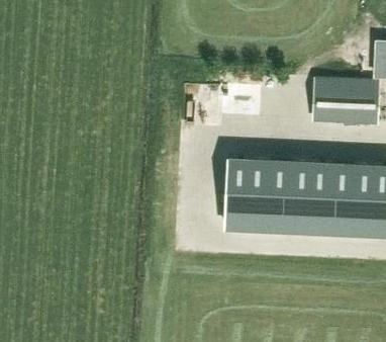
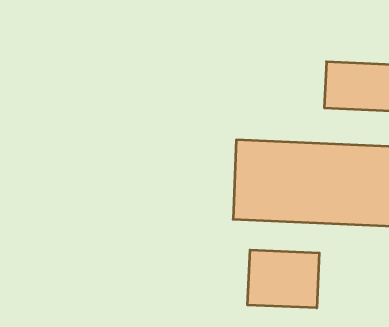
building: none -> [248,250,319,308]

